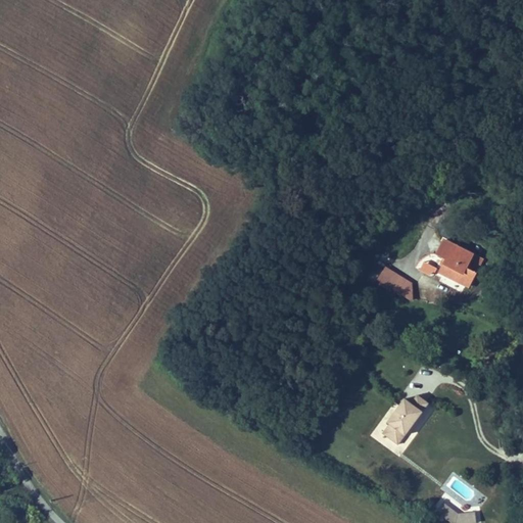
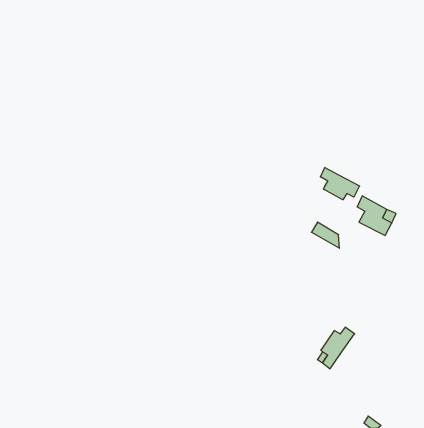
building: none -> [320,167,360,200]

